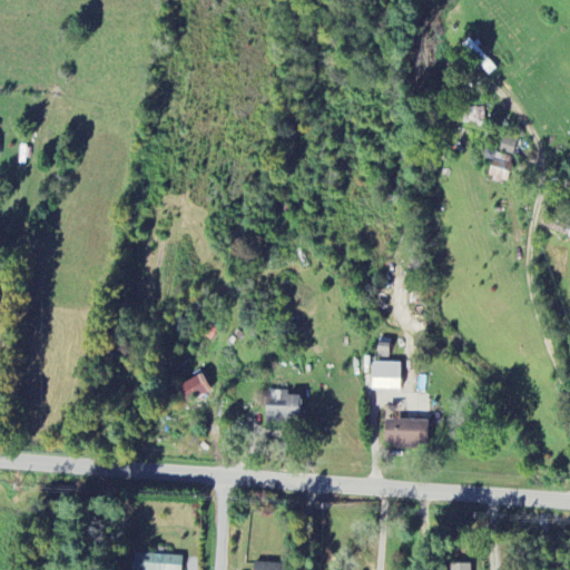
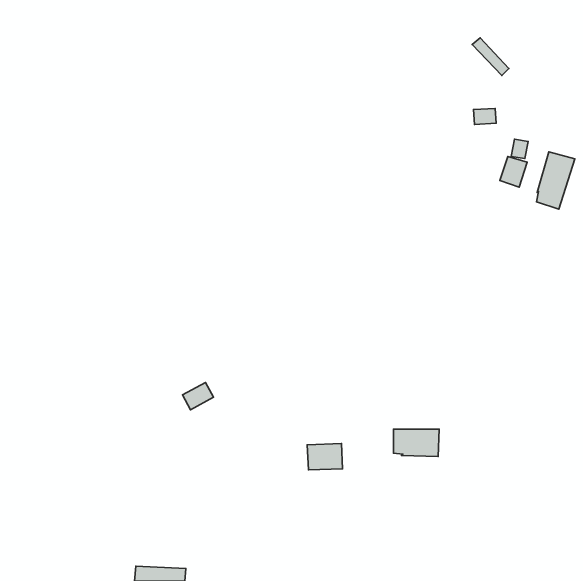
building: none -> [536,152,575,209]
building: [372,361,401,390] -> none
building: [265,392,299,417] -> [307,444,343,470]

